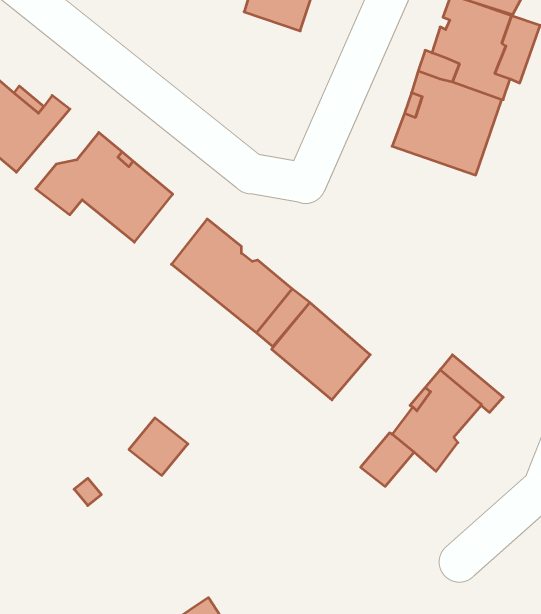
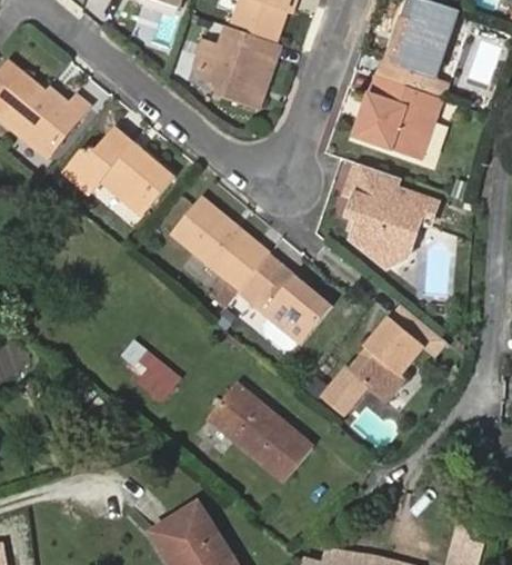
building: none -> [195,27,280,110]
building: none -> [344,165,434,268]
building: none -> [209,384,312,480]

